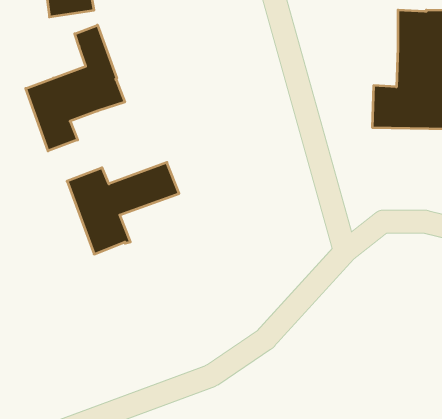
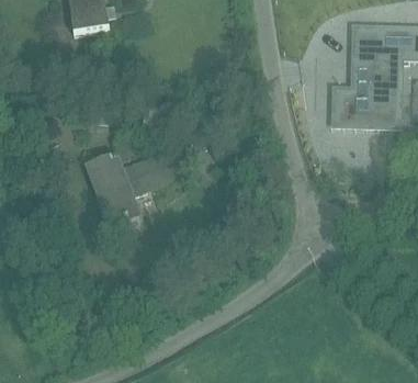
building: [26,25,125,151] -> none

